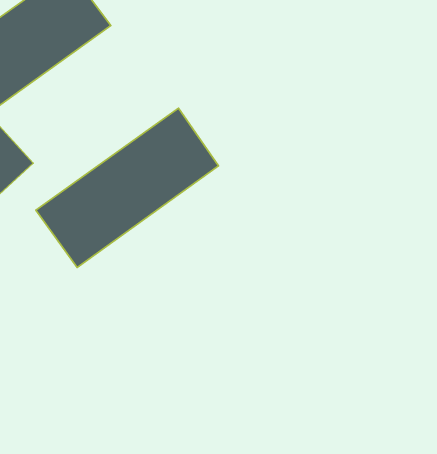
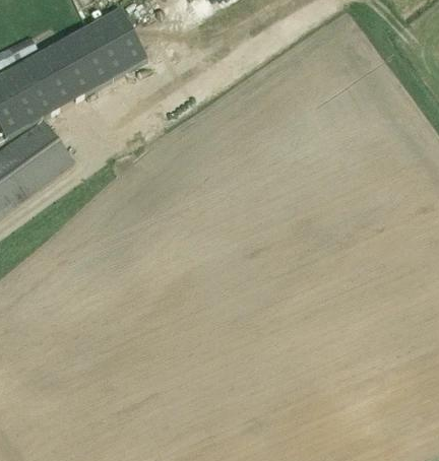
building: [36,108,218,267] -> none

